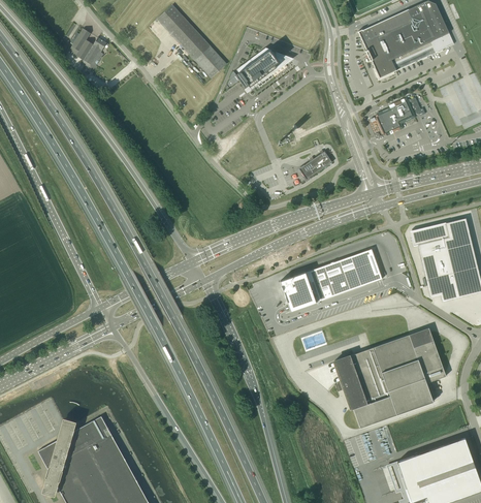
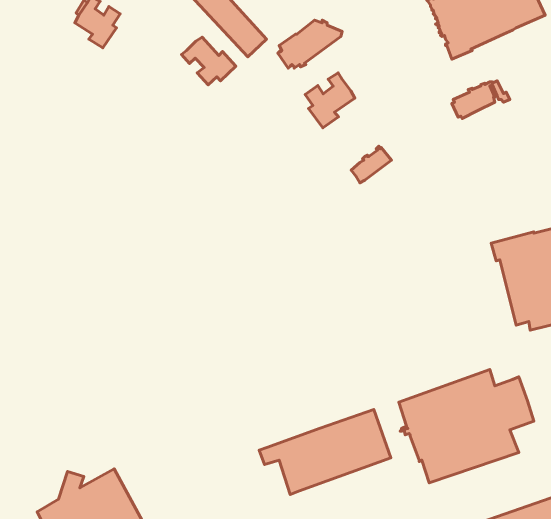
building: none -> [182,37,236,85]
building: none -> [305,73,355,128]
building: [280,248,382,311] -> none
building: none -> [259,409,391,494]

